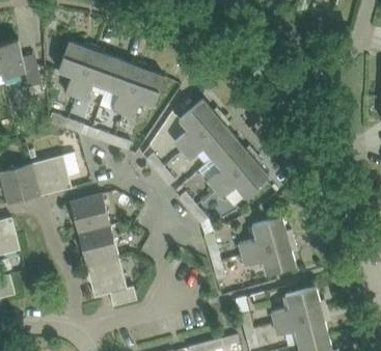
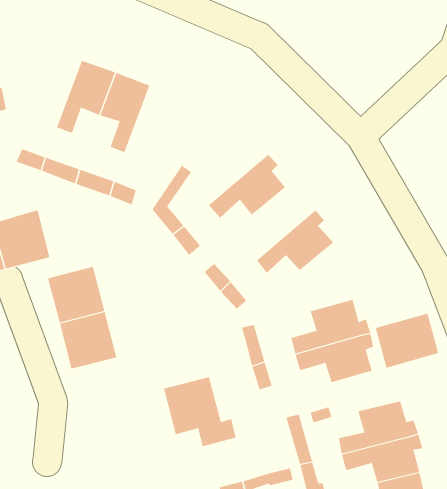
building: [57,43,92,98] -> none
building: [123,69,164,118] -> none
building: [173,100,222,152] -> none
building: [206,139,255,190] -> none
building: none -> [375,313,439,369]
building: [85,258,136,306] -> [163,377,236,447]

